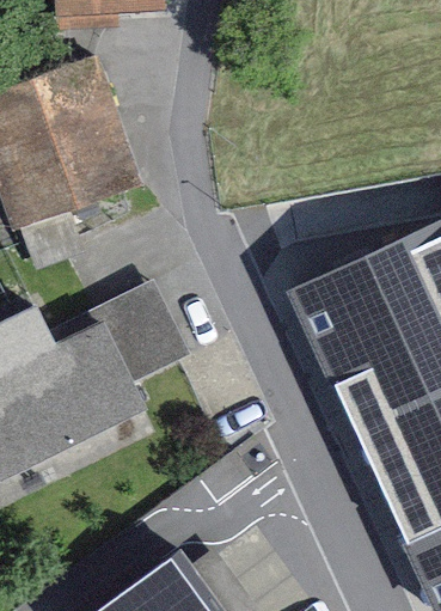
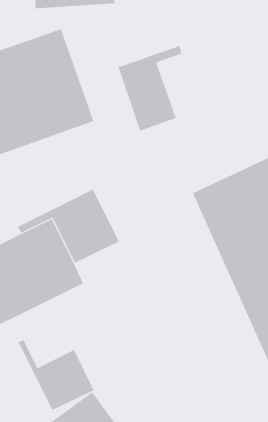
building: none -> [118,45,182,131]
building: none -> [18,339,95,411]

